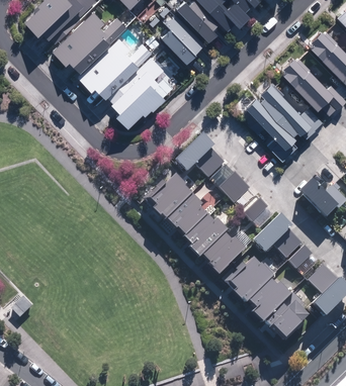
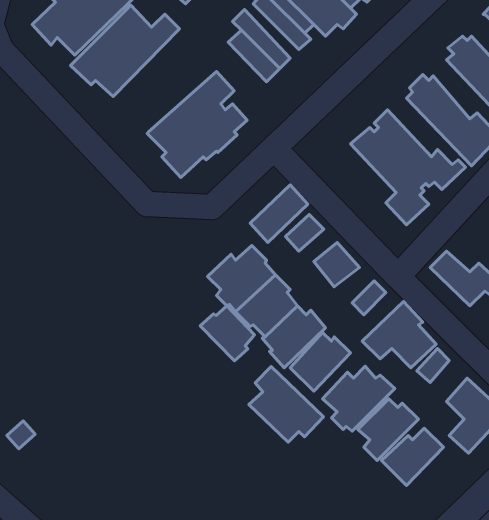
building: [79,36,154,98] -> none
building: none -> [200,306,254,361]
building: none -> [249,366,324,442]

